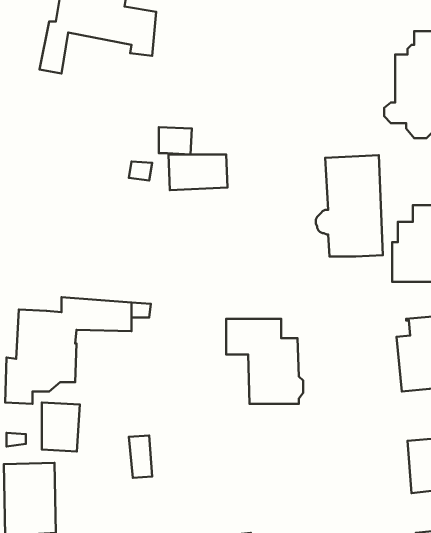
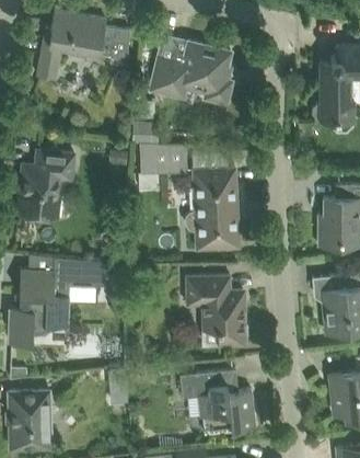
building: none -> [150,42,232,104]
building: [316,155,383,257] -> [185,168,239,249]
building: none -> [18,150,73,218]
building: [42,403,80,451] -> none
building: none -> [179,369,255,434]

